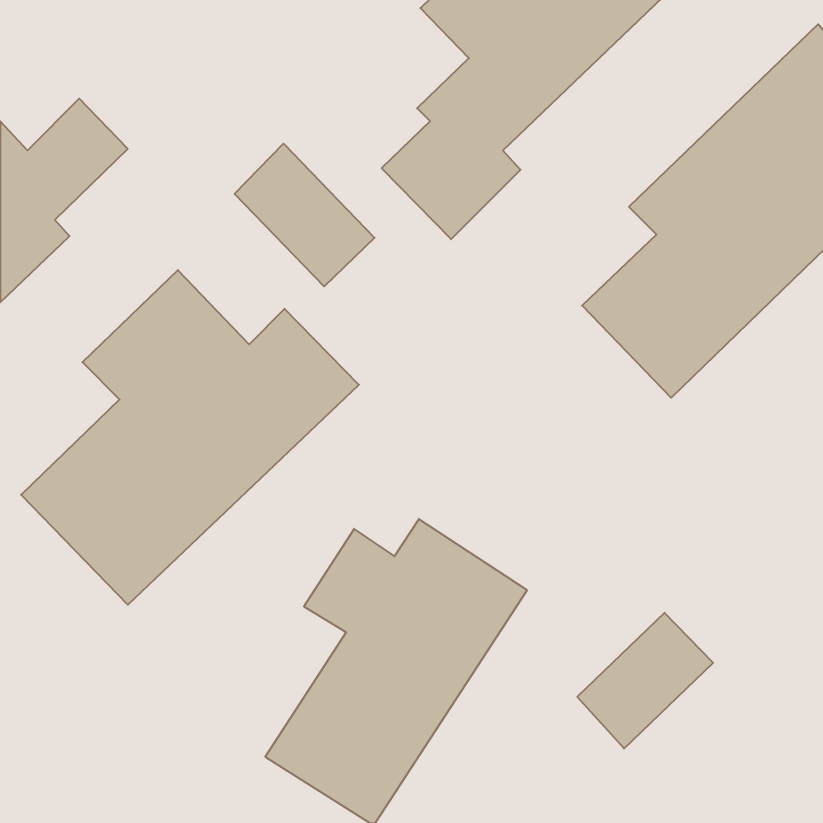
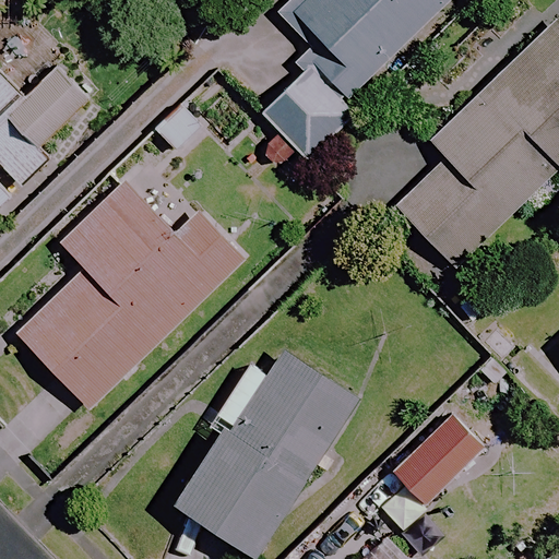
building: [235,144,375,286] -> none

